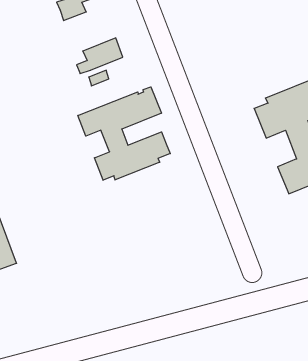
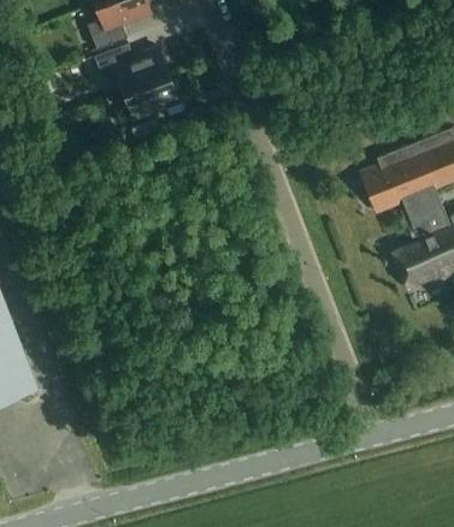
building: none -> [99,48,169,93]
building: [78,87,170,180] -> none

